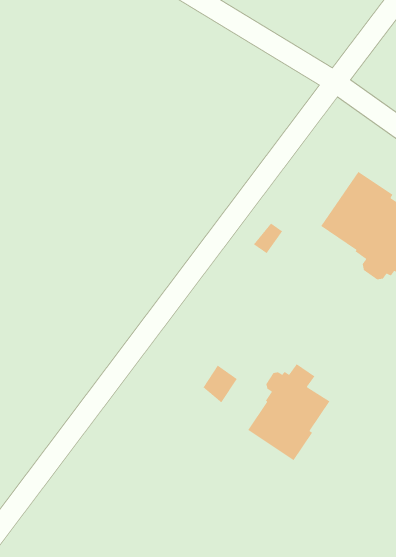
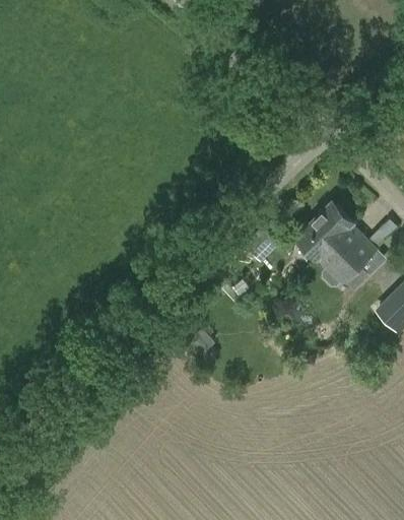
building: [247,363,330,461] -> none

